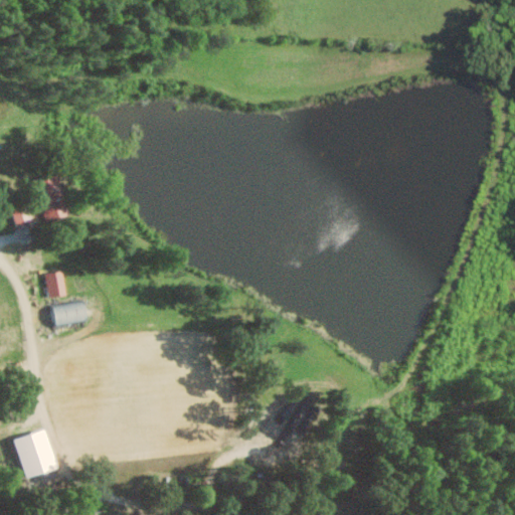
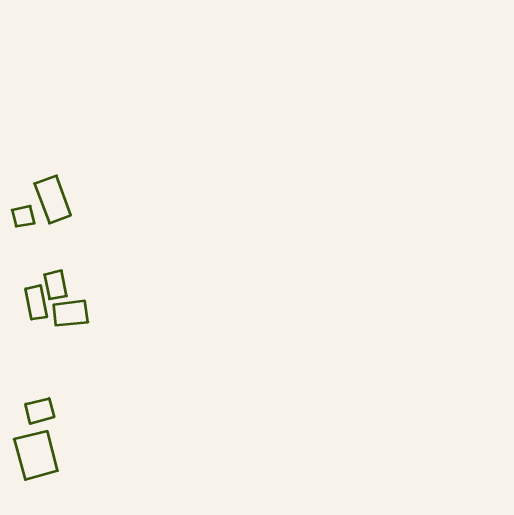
building: none -> [26,285,47,319]
building: none -> [26,398,54,424]

